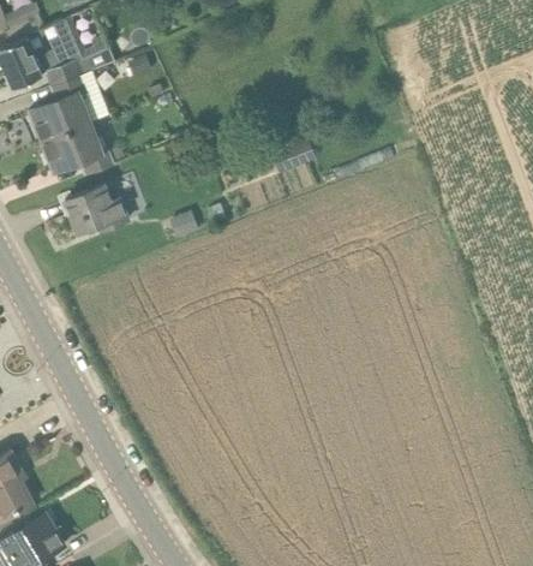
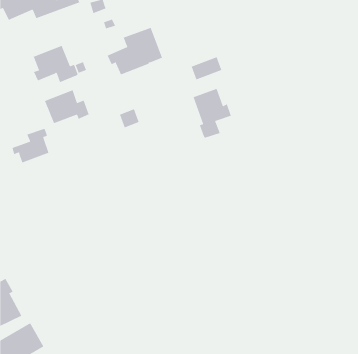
building: [28,71,107,138] -> [107,27,163,75]
building: none -> [193,86,232,139]
building: none -> [12,128,49,165]

